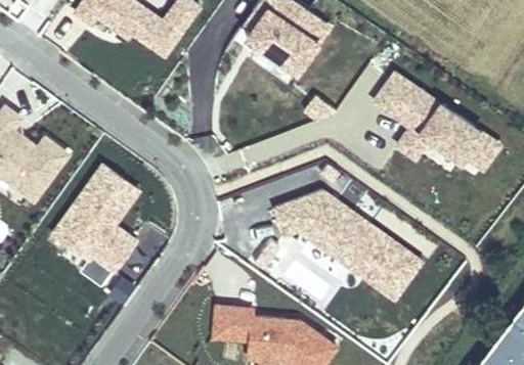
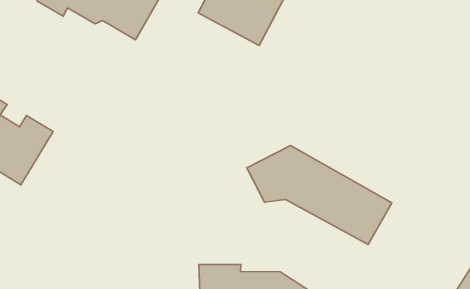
building: [370,73,501,174] -> none
building: [49,165,140,273] -> none

